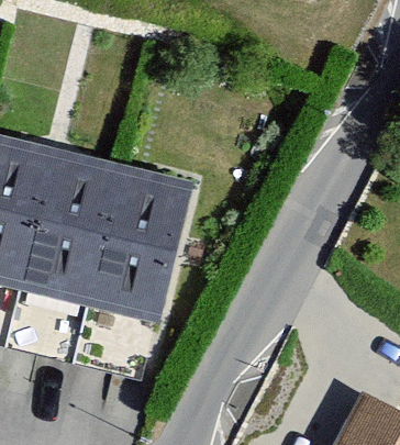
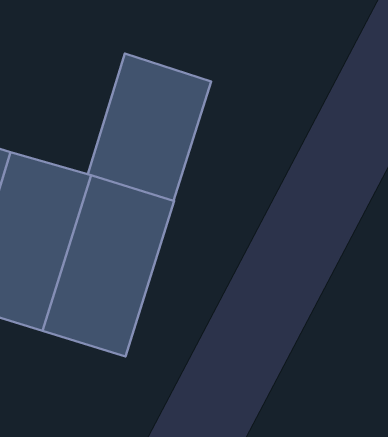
building: none -> [88,53,211,201]

